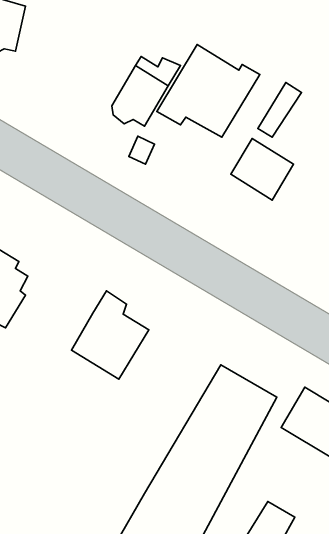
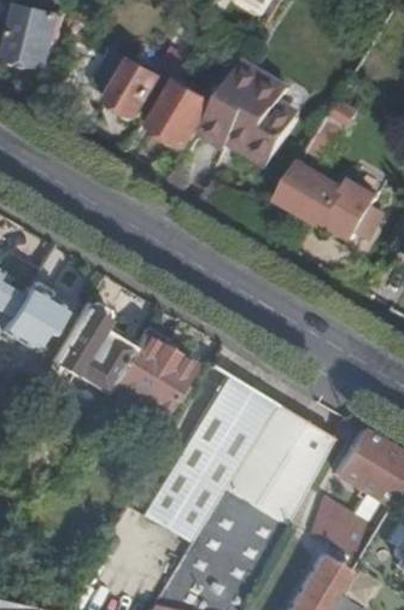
building: none -> [95,58,163,119]
building: none -> [327,181,381,242]
building: none -> [53,300,134,392]
building: none -> [144,375,271,541]
building: none -> [310,498,376,557]

